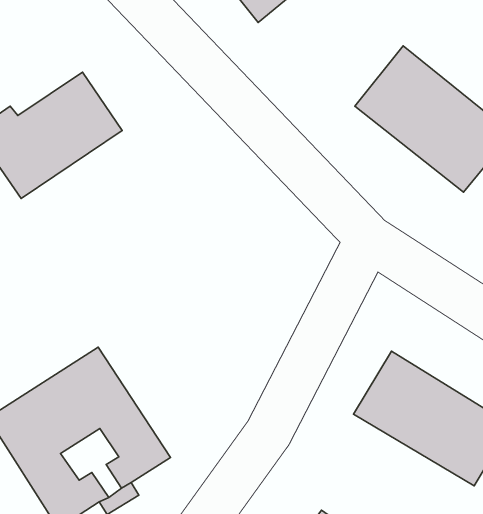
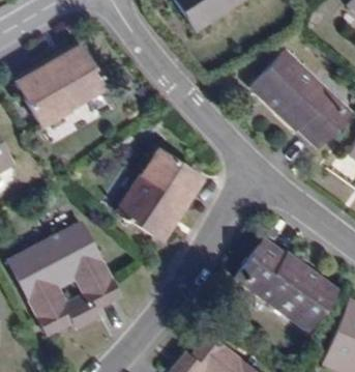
building: none -> [117,151,202,237]

